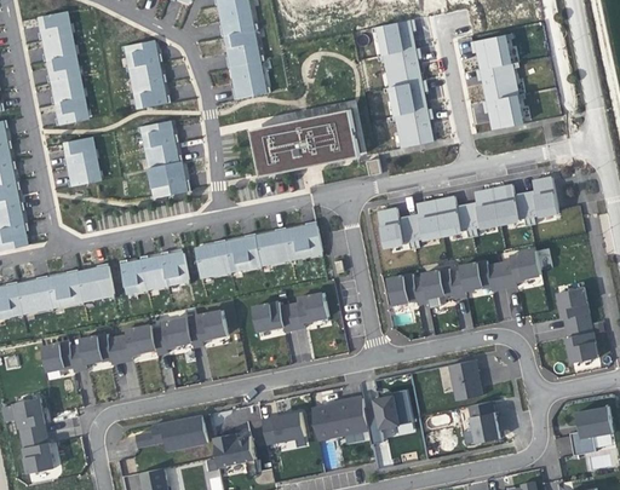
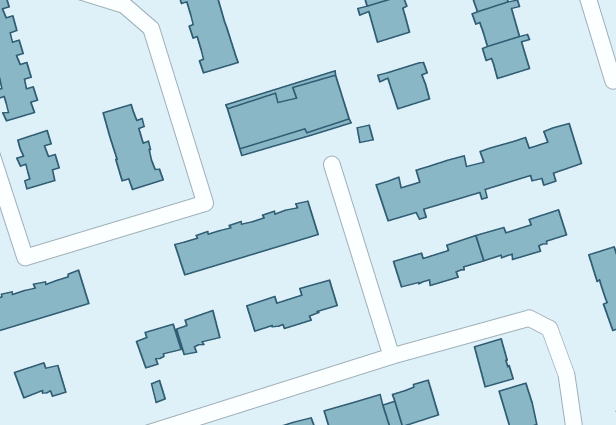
building: [127,41,171,108] -> none
building: [383,80,426,115] -> none
building: [120,250,189,292] -> none
building: [80,325,156,364] -> none

